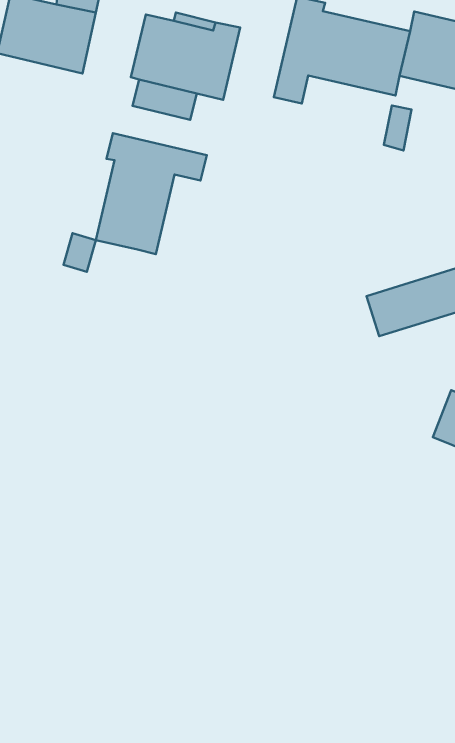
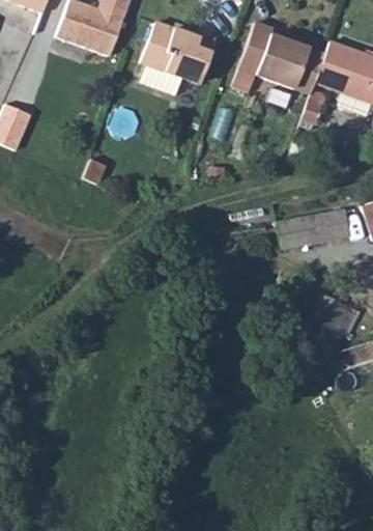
building: [96,133,207,254] -> none

